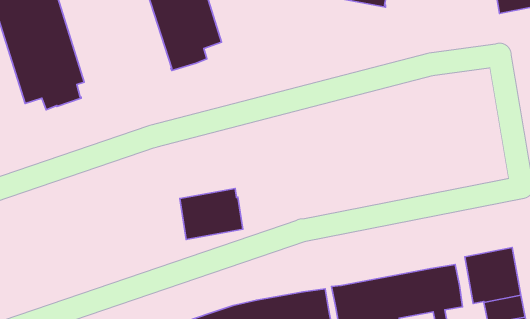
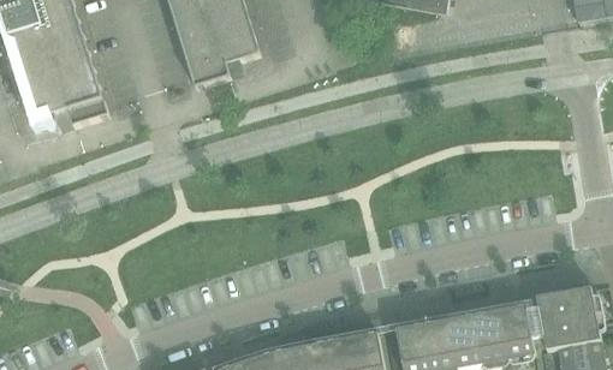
building: [180,188,243,240] -> none

